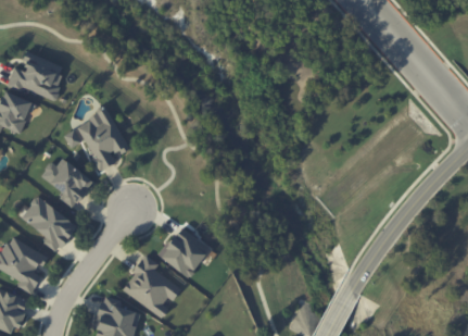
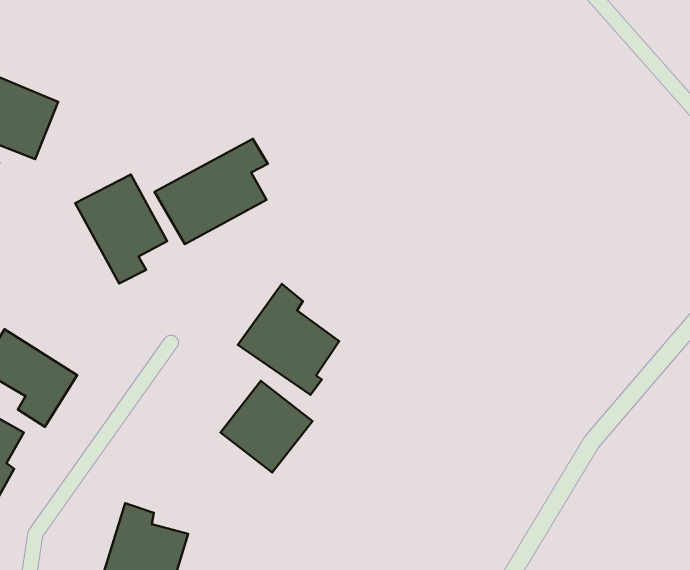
building: none -> [155,139,268,244]
building: [39,158,93,204] -> none
building: [122,254,179,318] -> [238,284,339,395]

